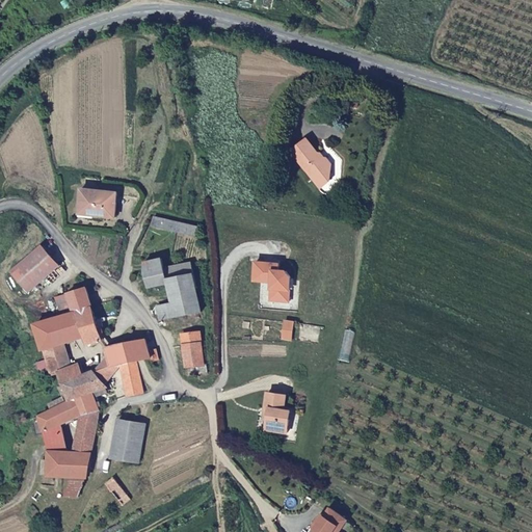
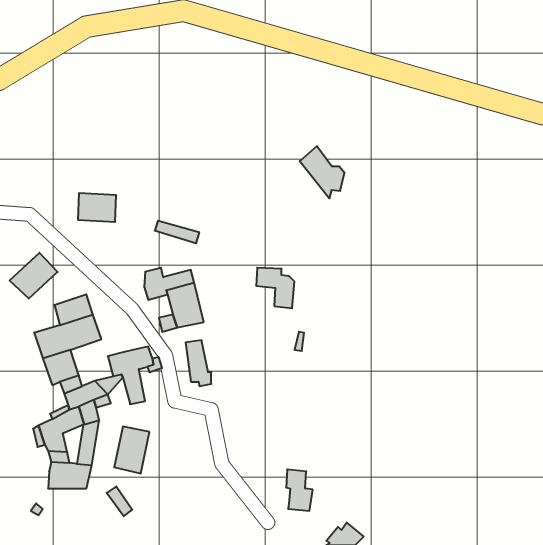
building: [264,391,290,431] -> [286,469,313,511]

